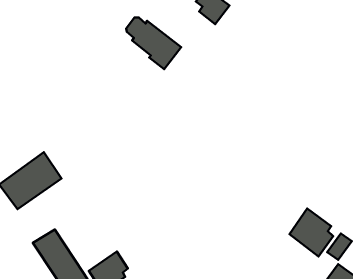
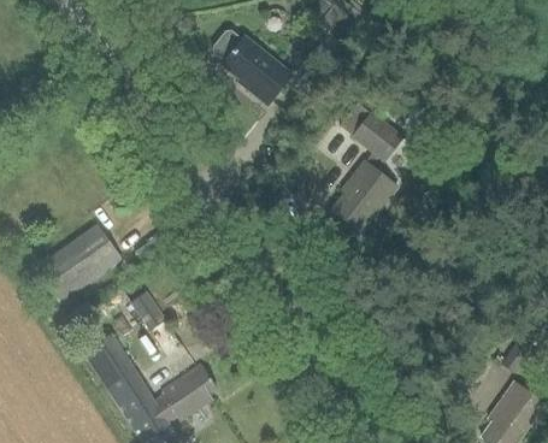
building: none -> [331,112,401,229]
building: none -> [130,289,167,330]
building: [289,209,333,257] -> none

